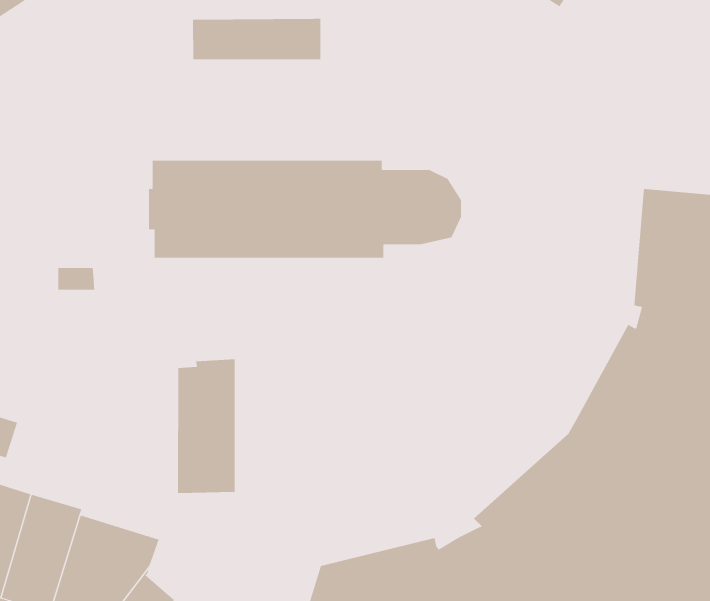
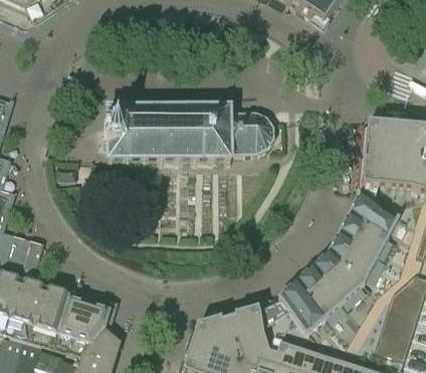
building: [192,18,321,60] -> none
building: [177,359,235,494] -> none

